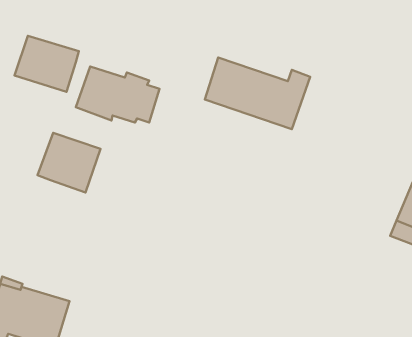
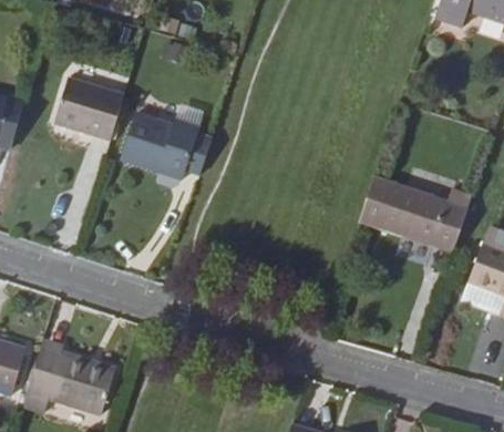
building: [205,58,310,129] -> [358,174,472,251]
building: [37,133,101,192] -> none

